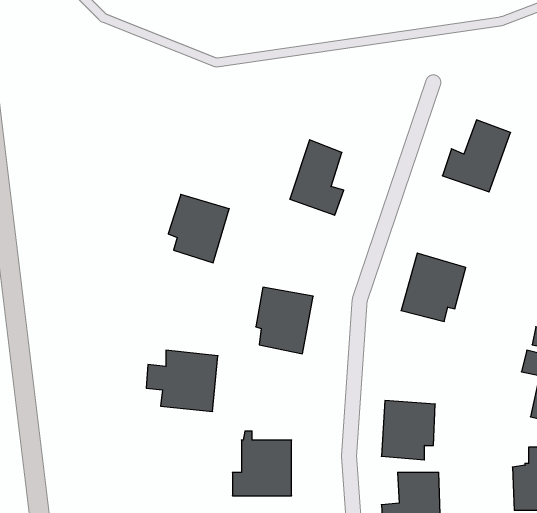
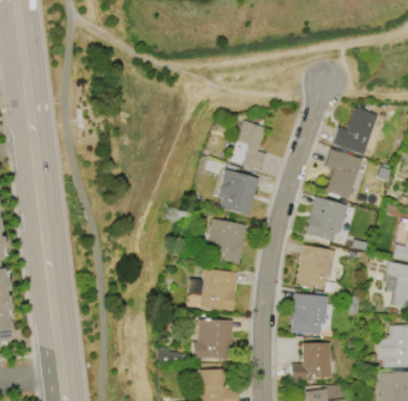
building: none -> [325,149,362,198]
building: [168,194,229,263] -> [218,169,259,215]
building: none -> [296,245,336,287]
building: [146,350,218,411] -> [190,269,238,310]

